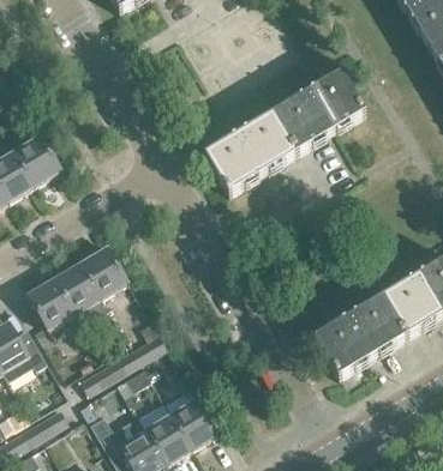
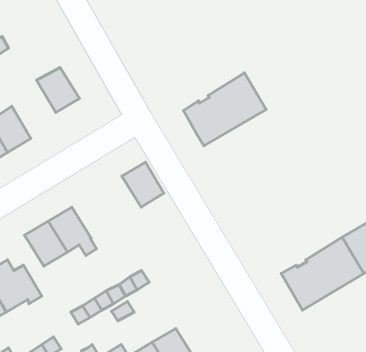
building: [274,73,365,153] -> none
building: [13,135,61,186] -> [36,67,79,112]
building: [80,247,127,297] -> [122,162,164,207]

